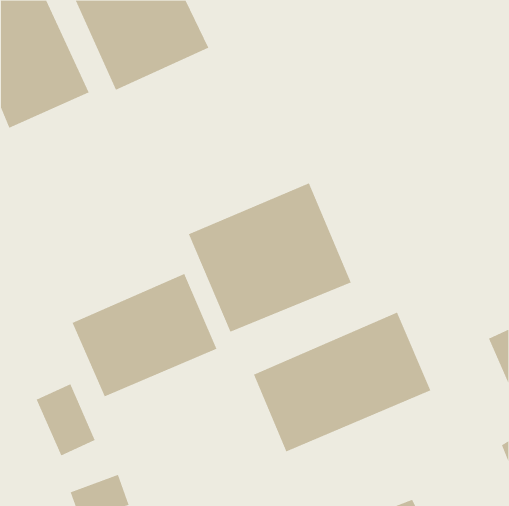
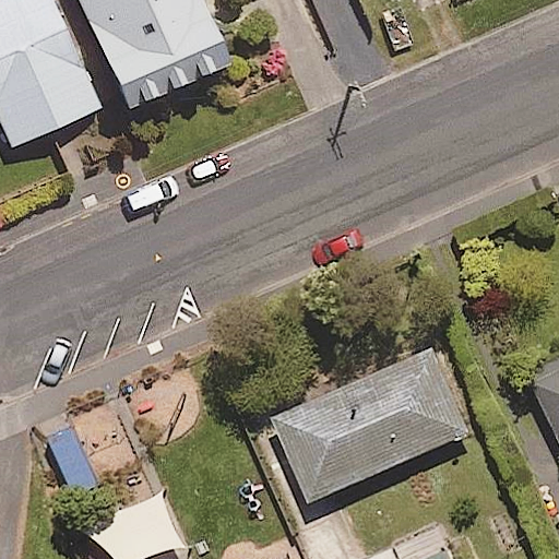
building: [188,182,351,333] -> none
building: [72,273,217,397] -> none

